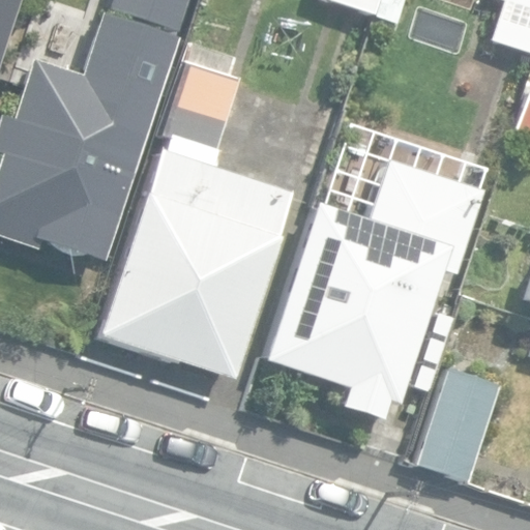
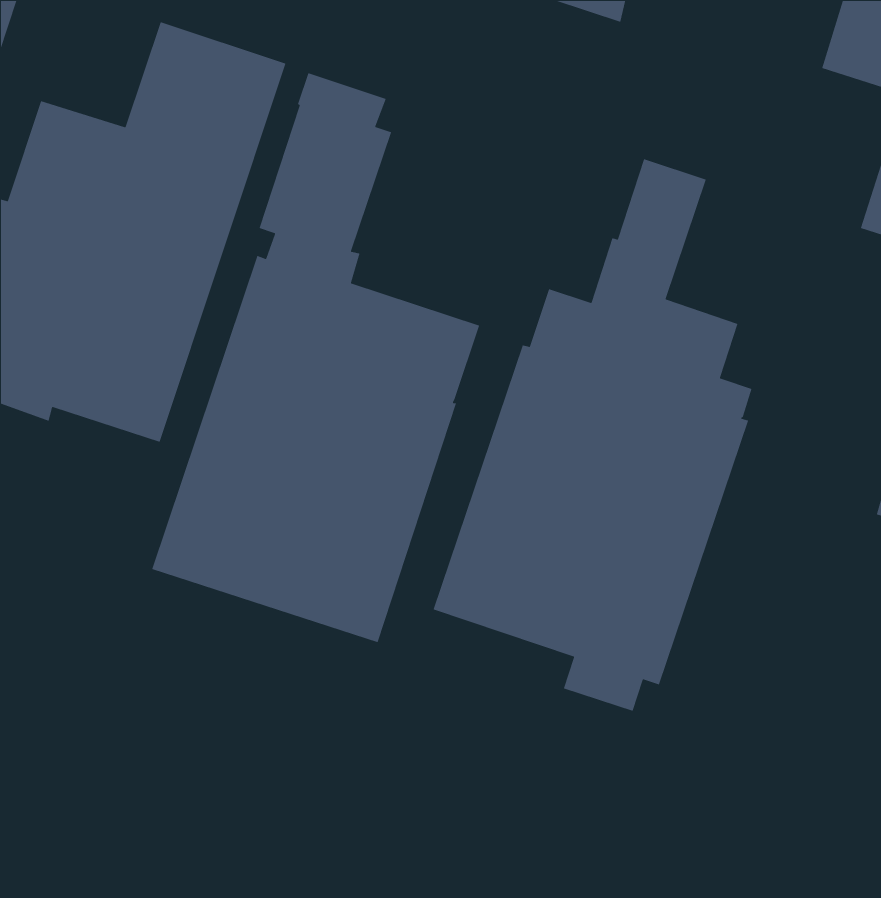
building: [418,365,504,482] -> none

